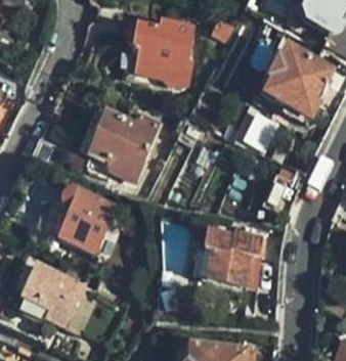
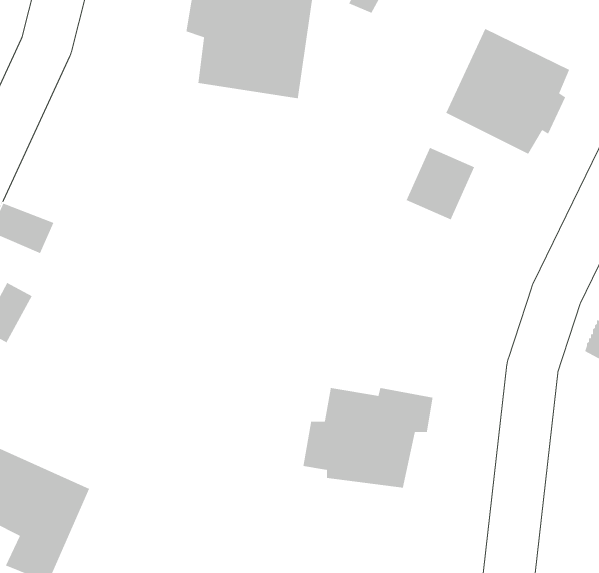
building: [82,106,160,179] -> none
building: [58,186,116,251] -> none

